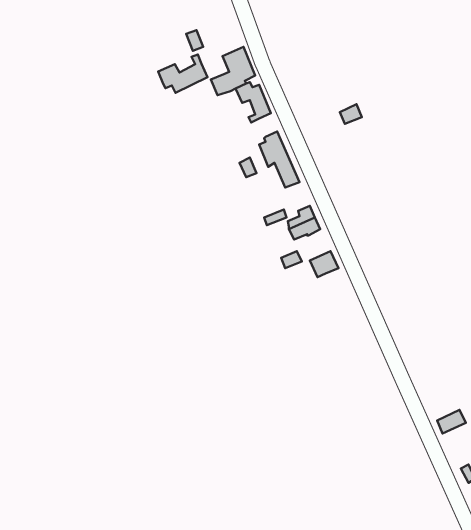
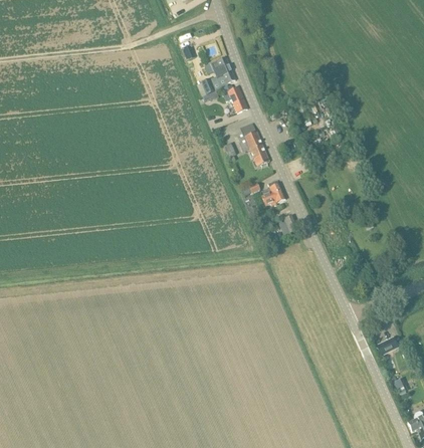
building: [158,55,207,93] -> none

